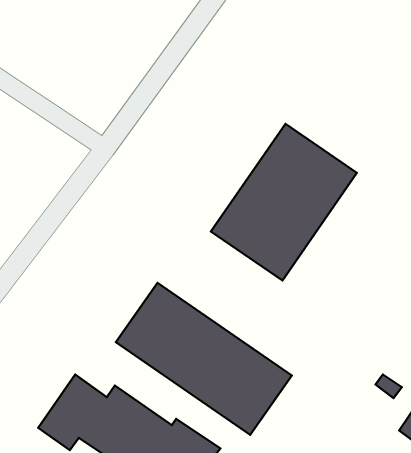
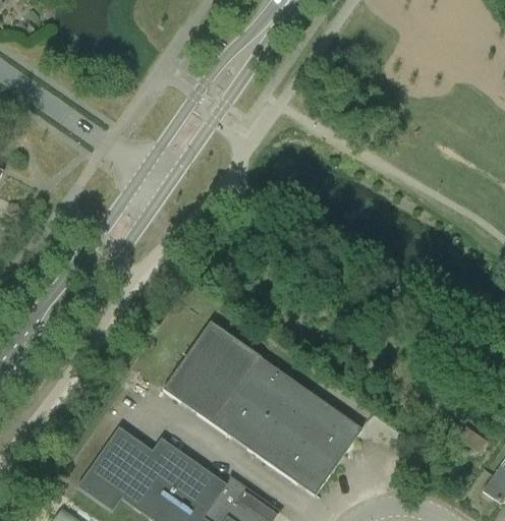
building: [211,124,357,281] -> none

